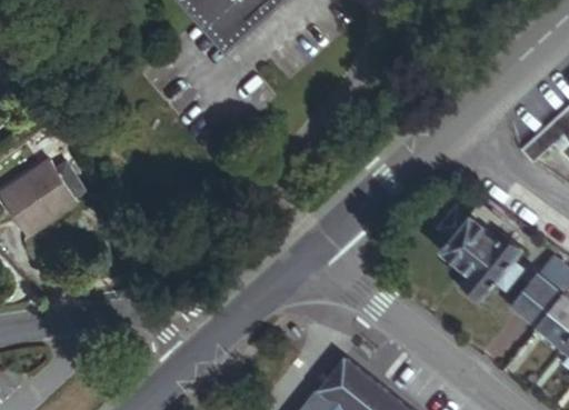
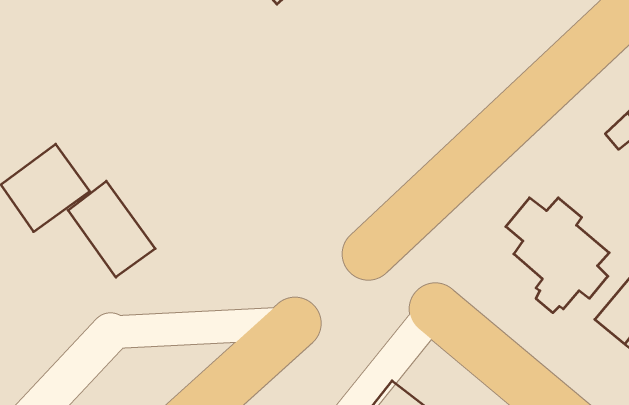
building: none -> [68,181,155,277]

